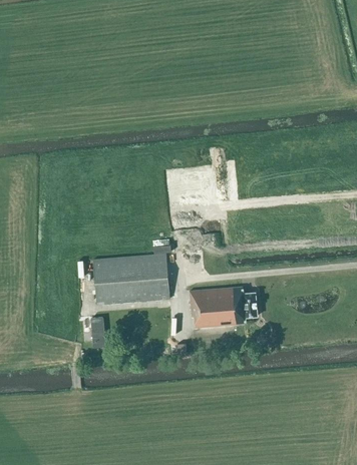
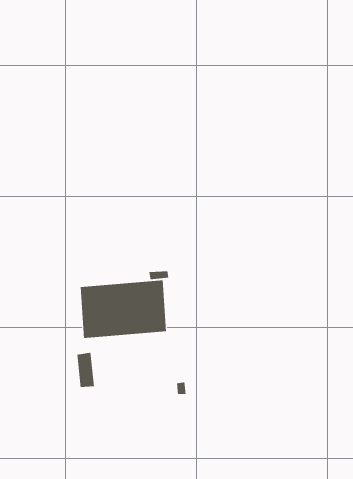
building: [190,287,258,328] -> none

